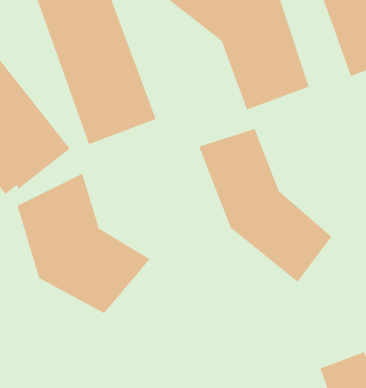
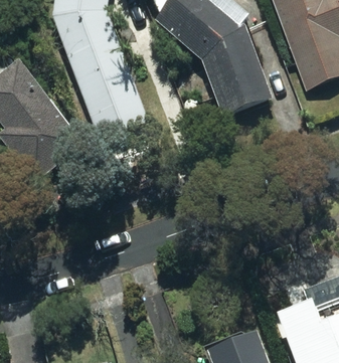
building: [199,128,332,282] -> none
building: [17,173,151,314] -> none

